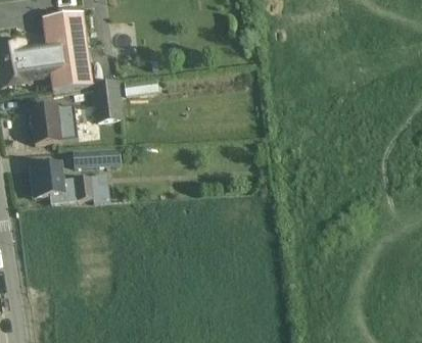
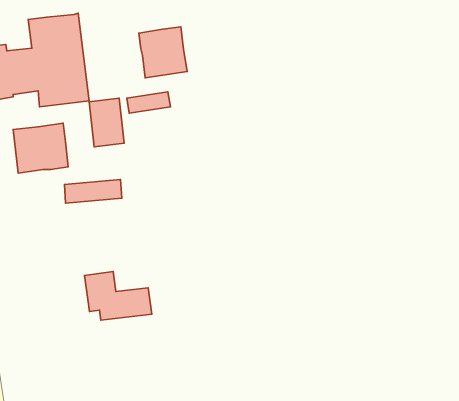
building: none -> [139,27,187,78]
building: [37,161,92,201] -> [85,272,152,320]

